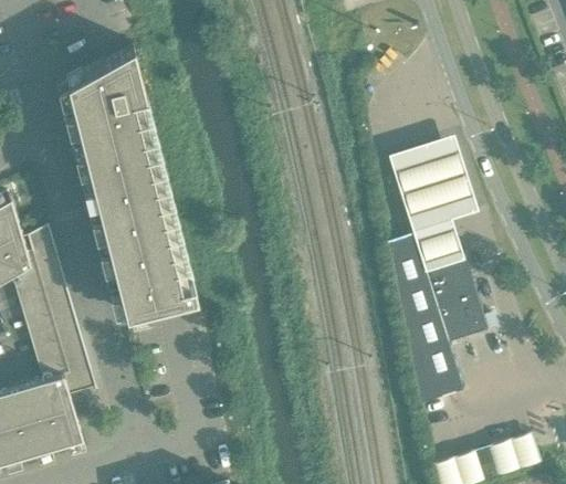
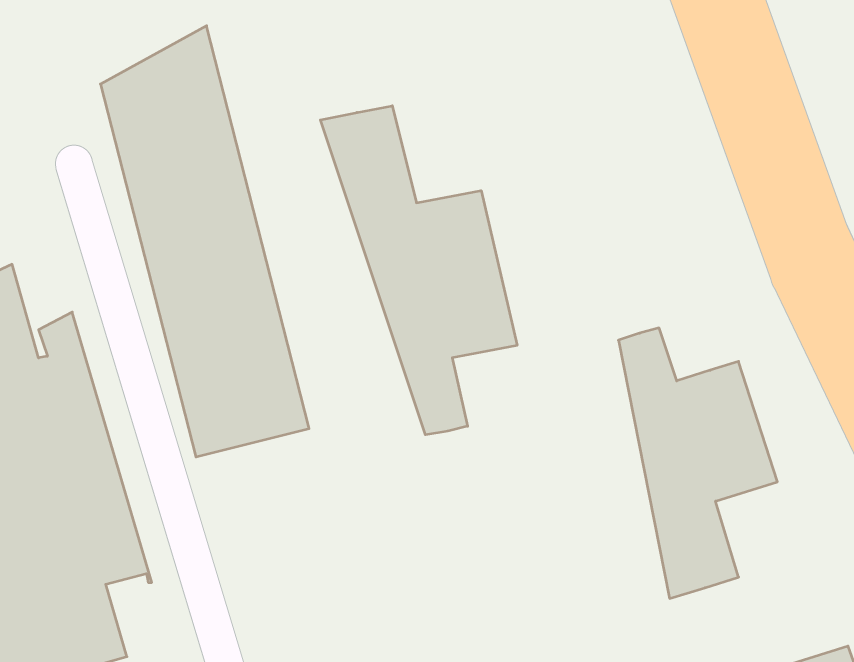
building: none -> [320,106,517,435]
building: [388,135,478,269] -> none

